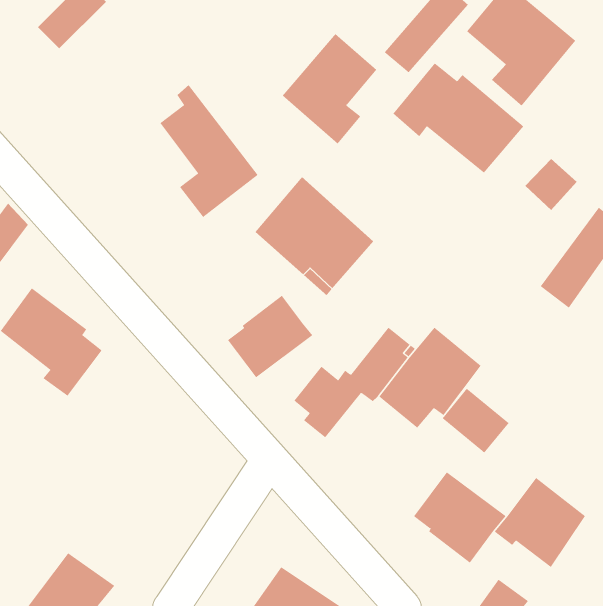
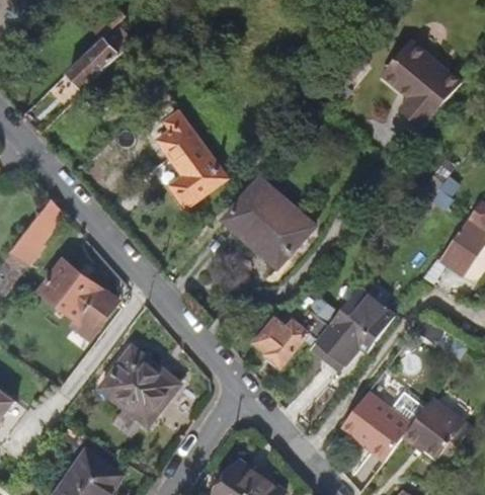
building: [282,33,377,144] -> none
building: [392,62,524,173] -> none
building: [227,295,313,378] -> none
building: [442,388,509,453] -> none
building: none -> [101,344,180,422]

